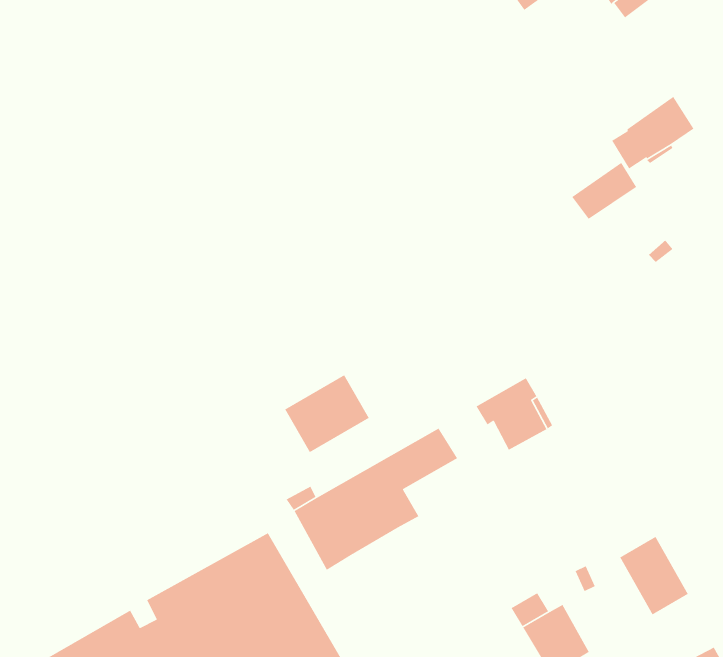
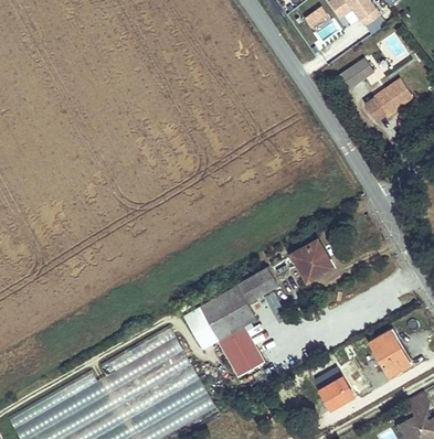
building: [571,162,637,220] -> [336,57,373,90]
building: [284,374,370,453] -> none
building: none -> [216,324,264,376]

